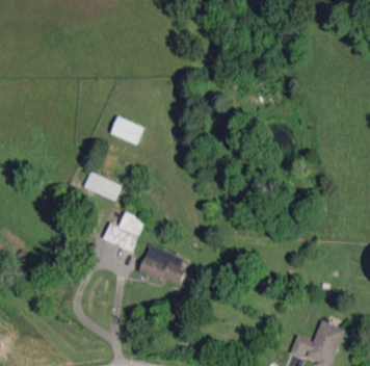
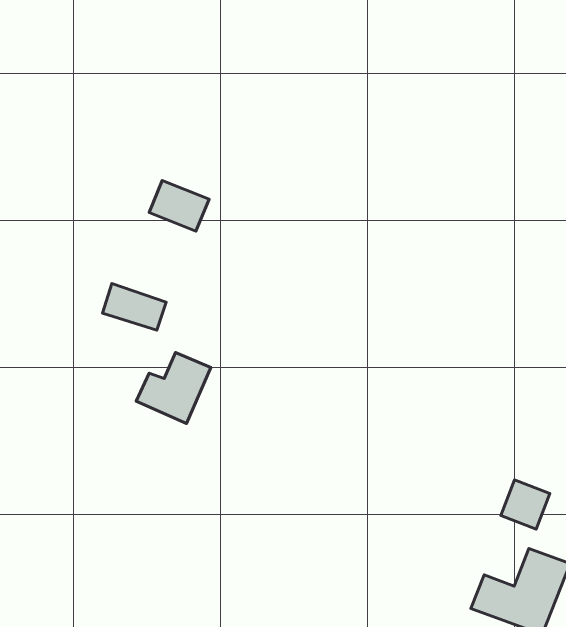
building: [137,244,187,285] -> none
building: none -> [501,480,550,529]

